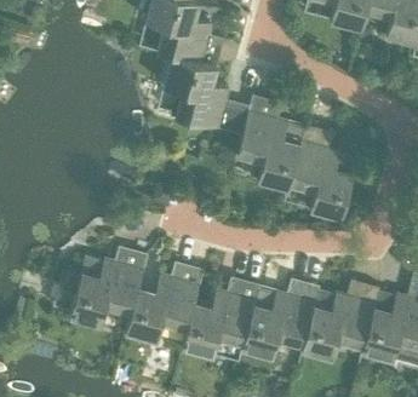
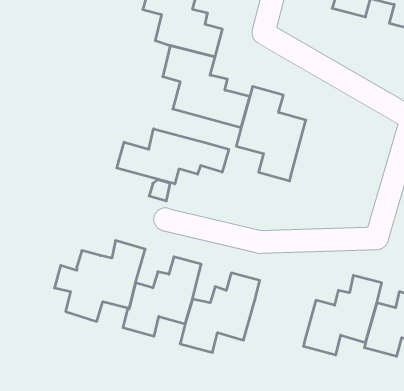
building: [290,126,357,217] -> none
building: none -> [117,129,229,184]
building: [242,278,319,356] -> none

